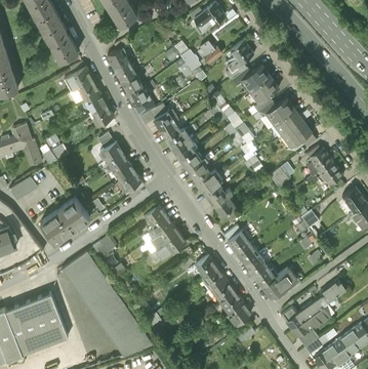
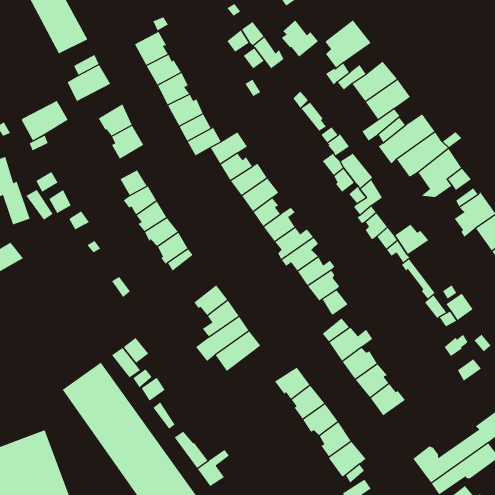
building: [70,80,99,106] -> [21,100,69,141]
building: [40,200,89,245] -> none
building: [261,269,295,298] -> none

